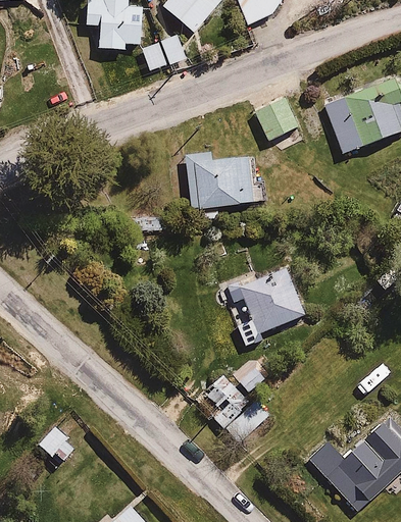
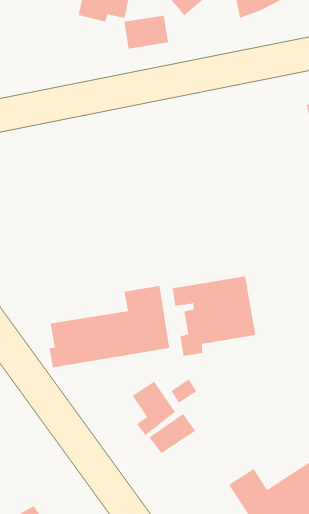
building: [255,94,296,135] -> none
building: [188,156,266,209] -> none
building: none -> [49,285,170,368]

